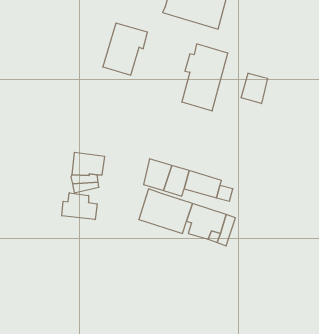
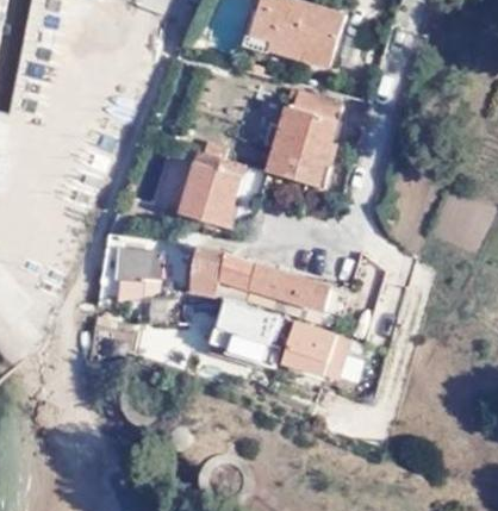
building: [103,23,147,75] -> [179,150,243,225]
building: [241,73,267,104] -> none
building: none -> [189,245,226,294]
building: [62,193,97,220] -> none

